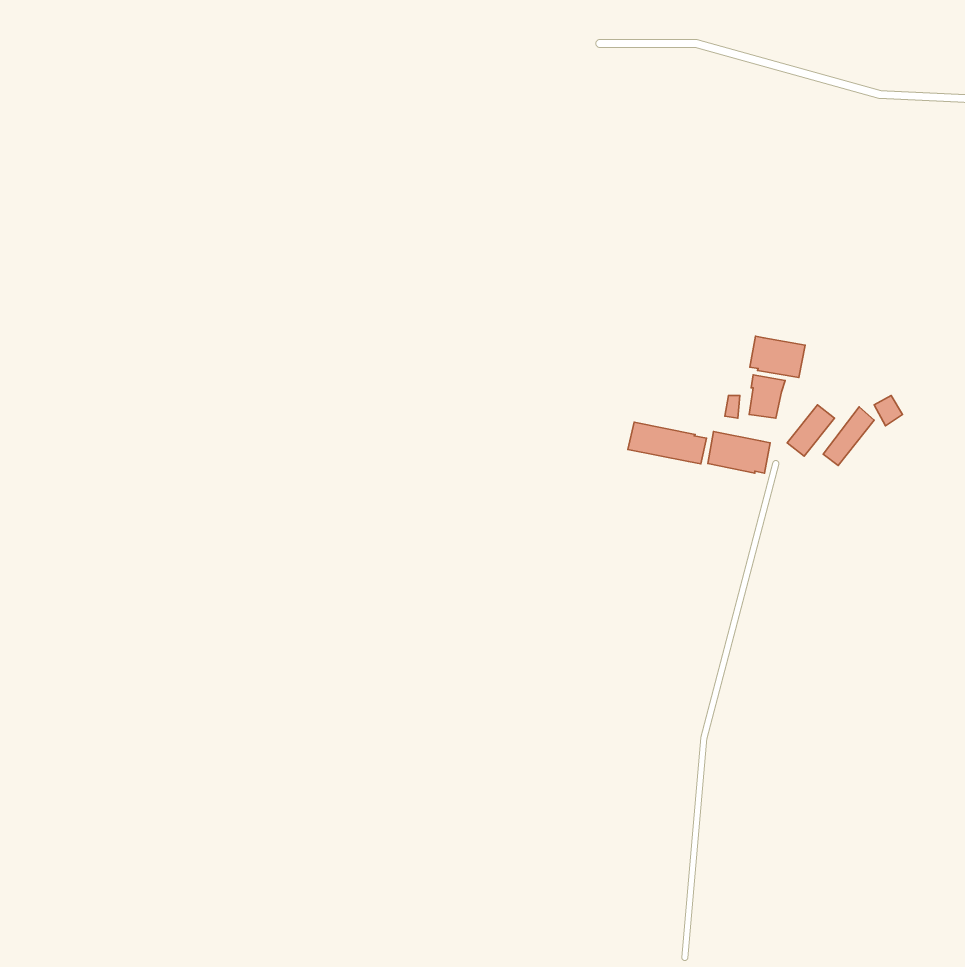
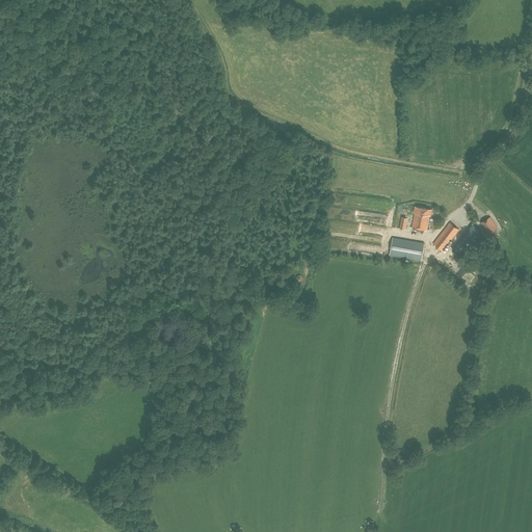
building: [750,336,805,378] -> none
building: [628,422,706,464] -> none

